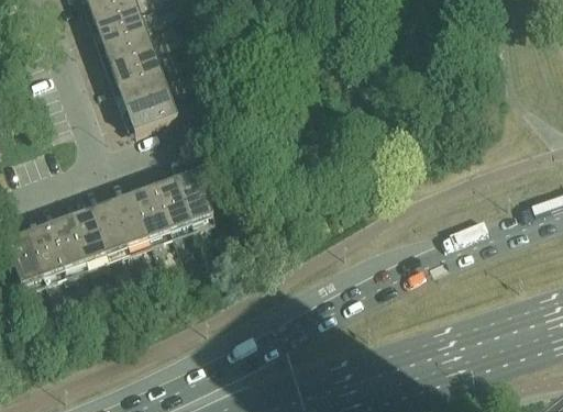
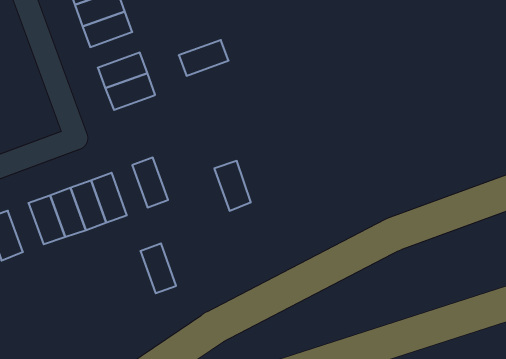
building: [111,51,162,87] -> [179,40,229,76]
building: [175,170,212,221] -> [214,161,251,211]
building: [133,186,169,236] -> [140,243,176,293]
building: [27,224,64,274] -> none

